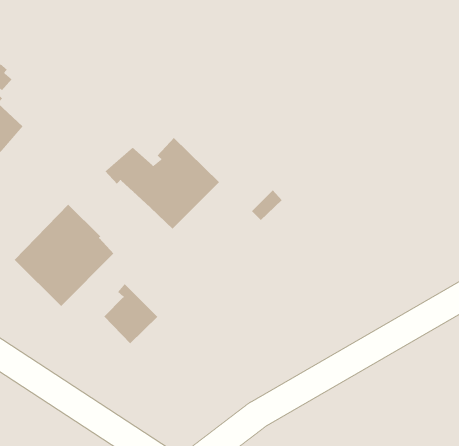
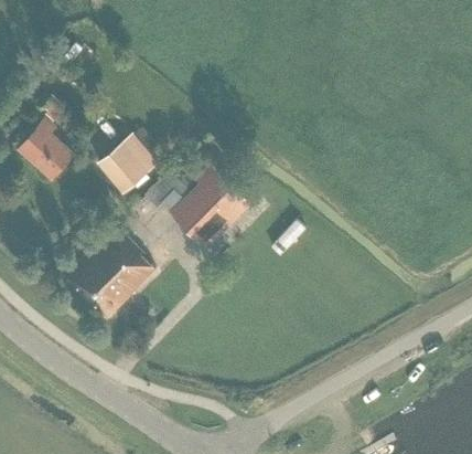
building: none -> [97,129,157,194]
building: [103,283,158,344] -> none

